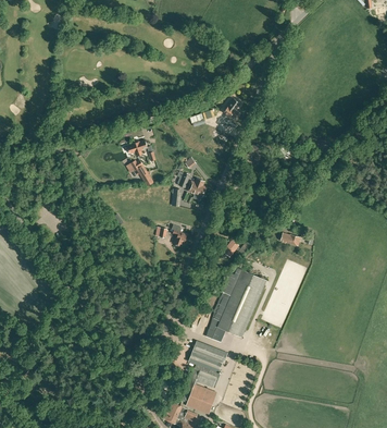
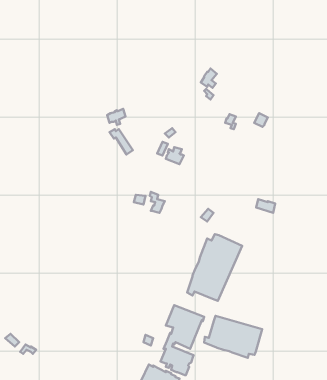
building: none -> [204,316,262,358]

